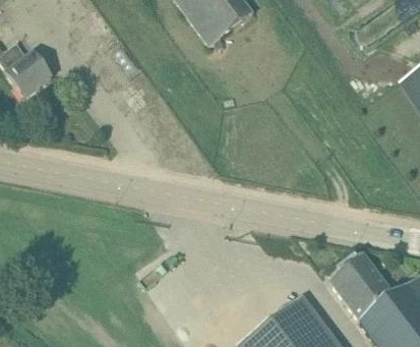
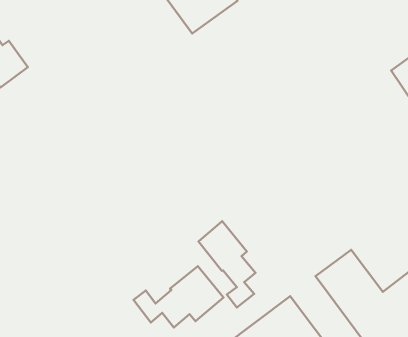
building: none -> [199,221,255,307]
building: none -> [134,266,224,328]

